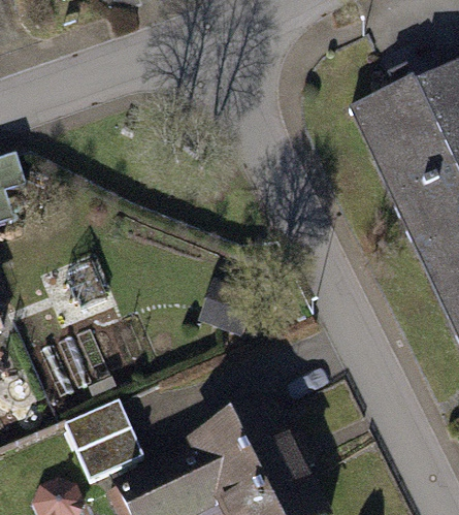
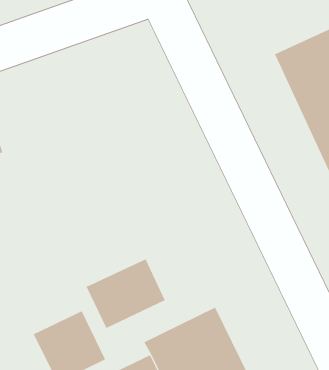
building: none -> [86,258,166,329]

